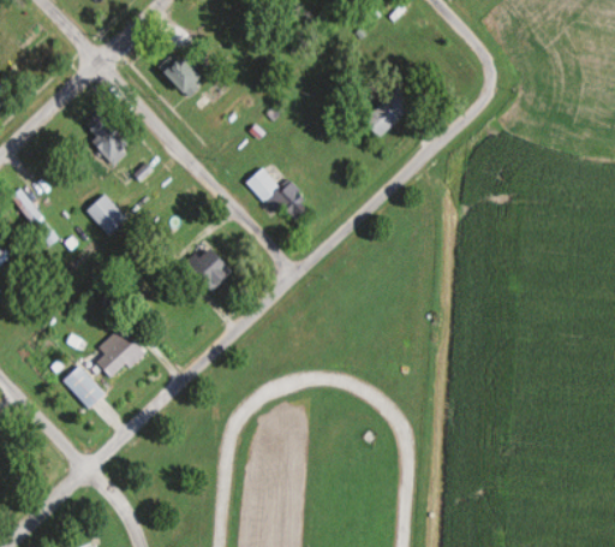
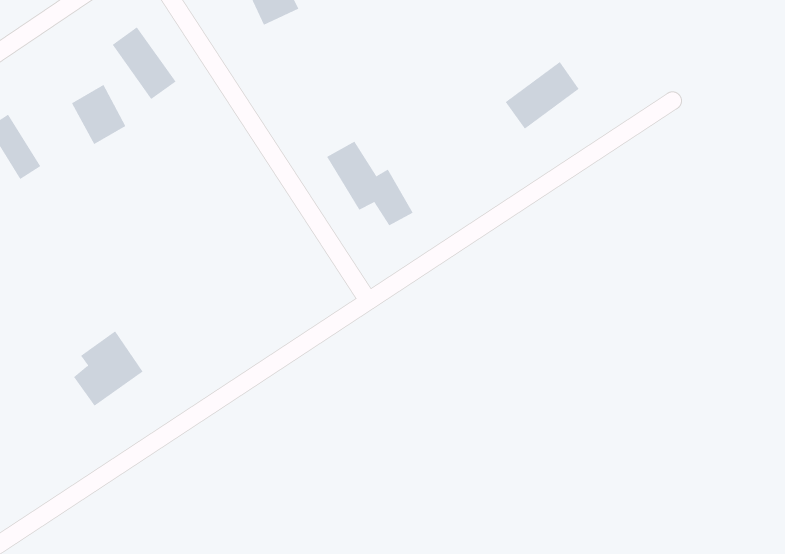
building: [85,192,126,236] -> [71,84,126,145]
building: [187,243,235,292] -> none
building: [61,365,105,410] -> none

